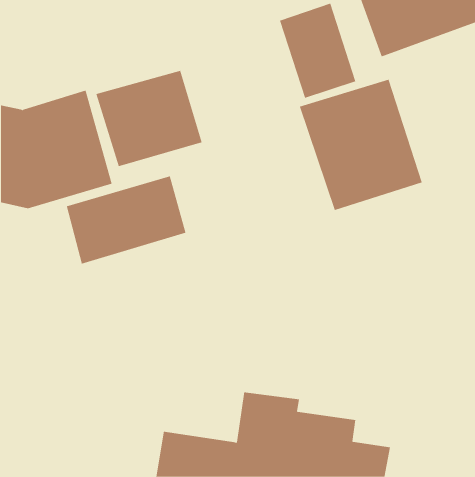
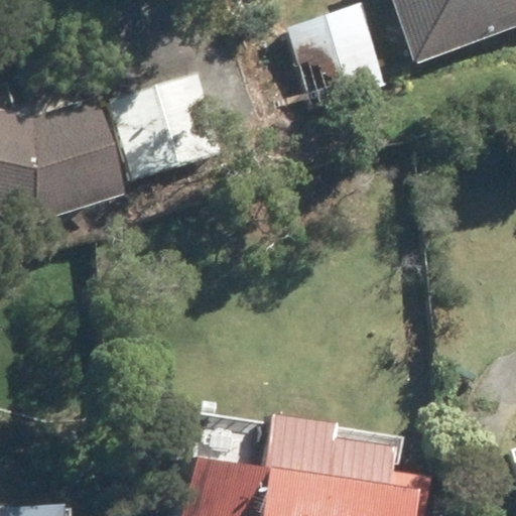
building: [299,79,423,211] -> none
building: [66,176,186,264] -> none

